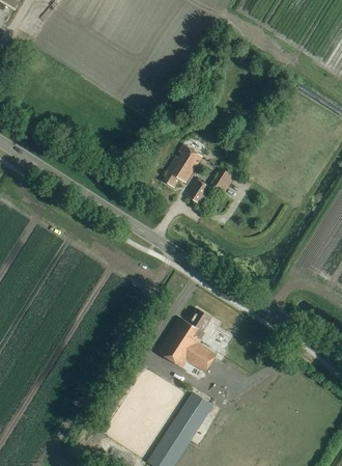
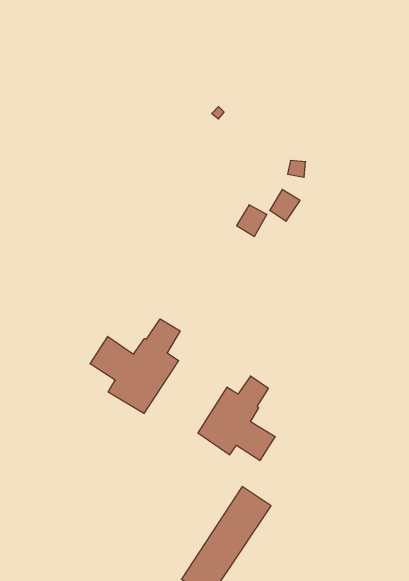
building: [164,143,202,187] -> none
building: none -> [90,319,180,413]

